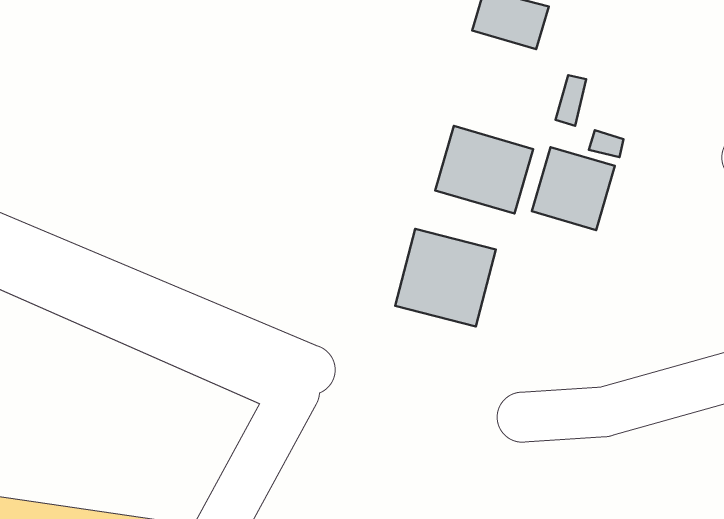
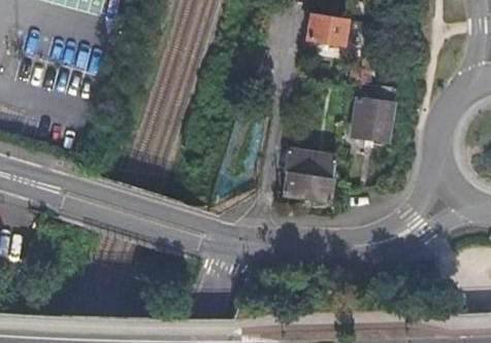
building: [435,126,533,213] -> none

